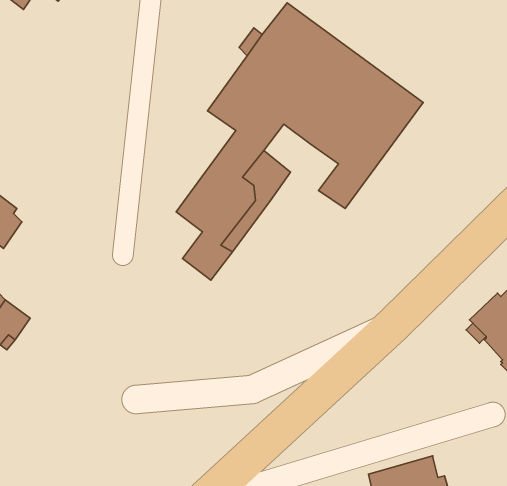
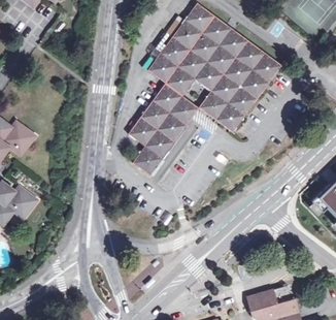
building: none -> [199,91,229,120]

